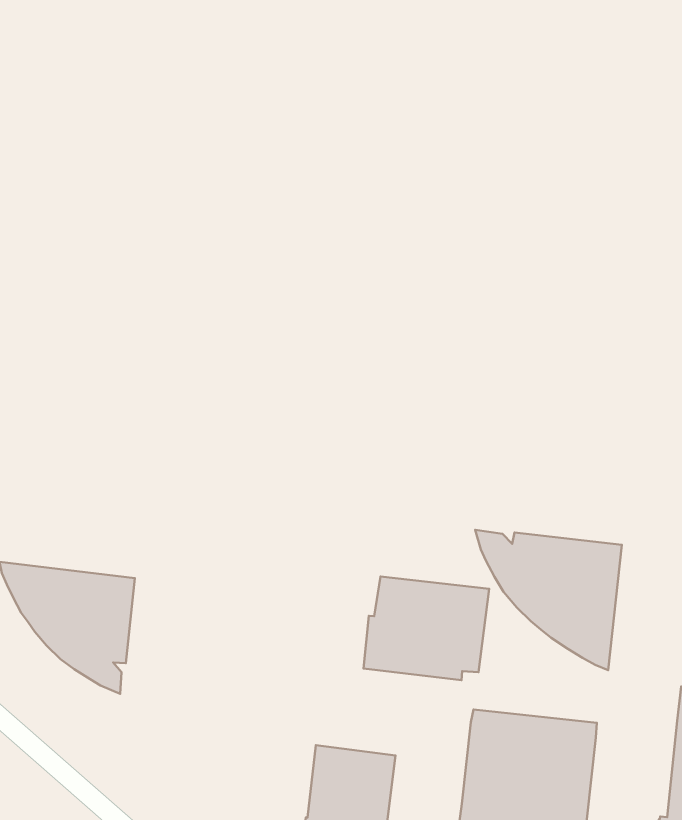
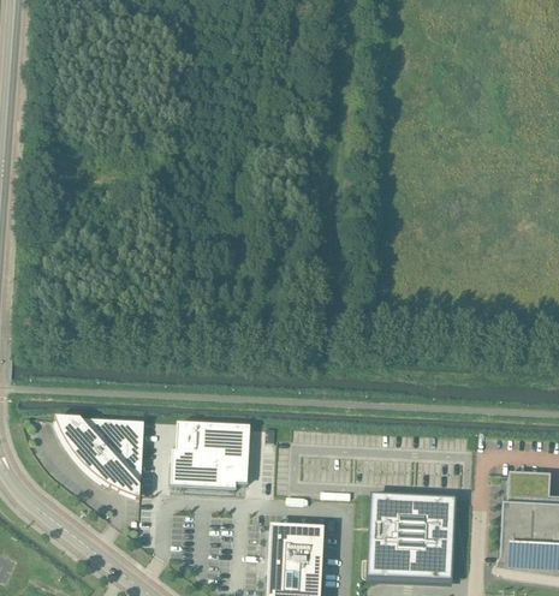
building: [475,530,622,670] -> none
building: [364,576,489,680] -> [171,422,250,487]

